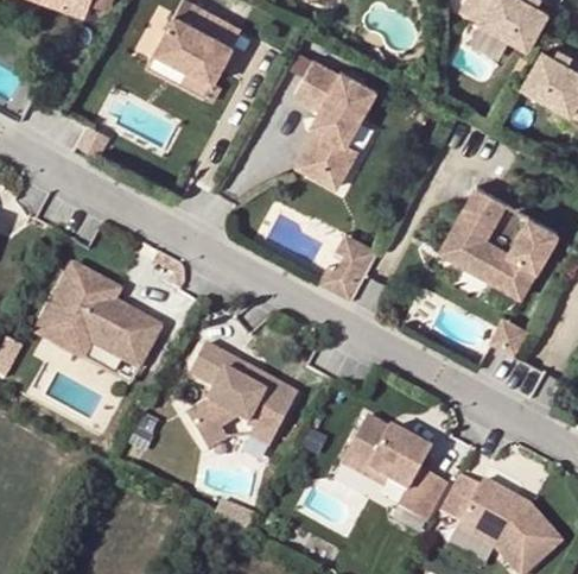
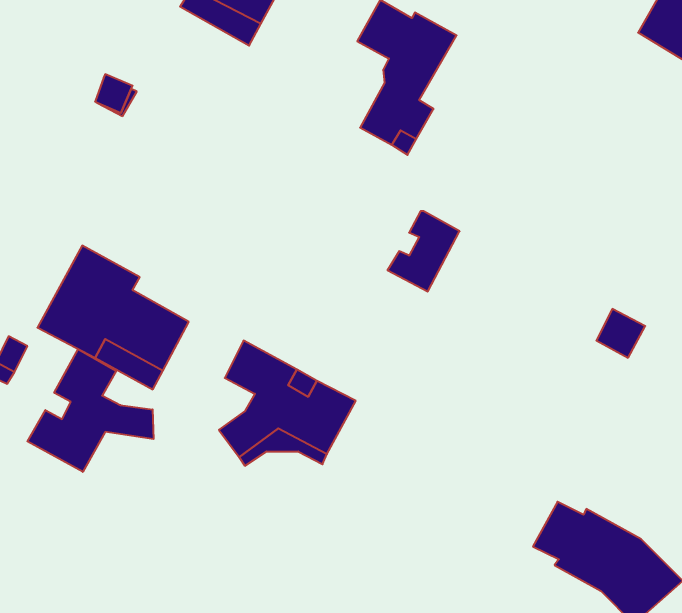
building: [439,189,558,299] -> none
building: none -> [27,349,154,472]
building: [345,415,449,521] -> none

